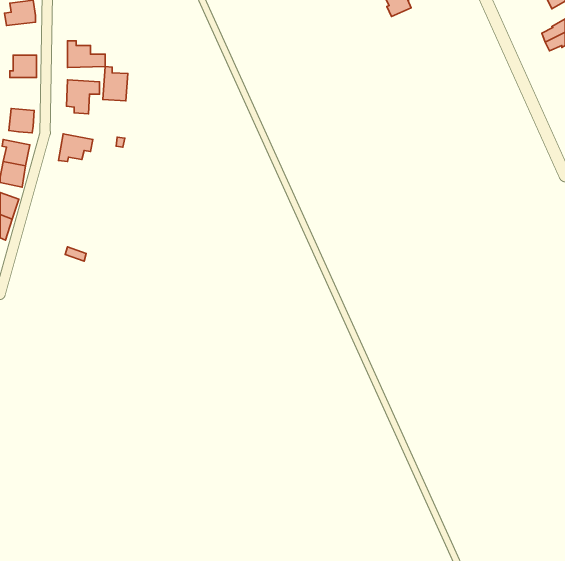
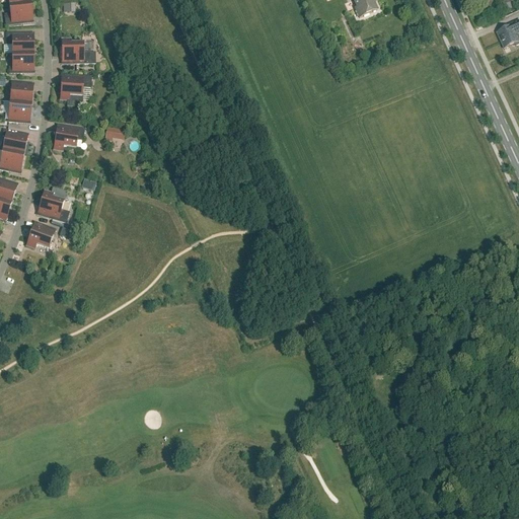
building: none -> [6,31,33,51]
building: [103,66,128,101] -> none
building: none -> [10,80,33,101]
building: none -> [38,187,70,221]
building: none -> [26,220,55,246]

